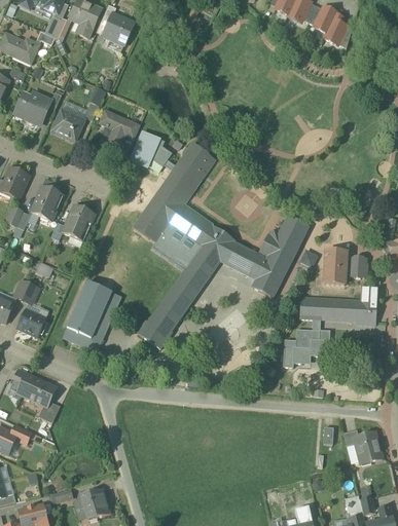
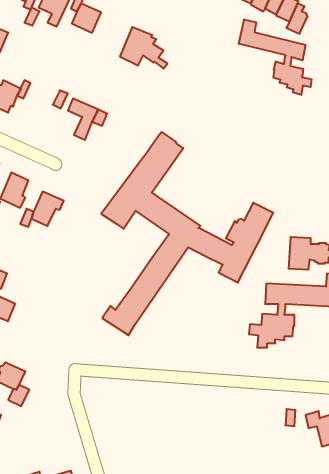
building: none -> [239,19,312,95]
building: [52,108,84,140] -> none
building: [131,128,179,171] -> [120,27,167,69]
building: [151,223,203,271] -> none
building: [63,279,120,350] -> none

